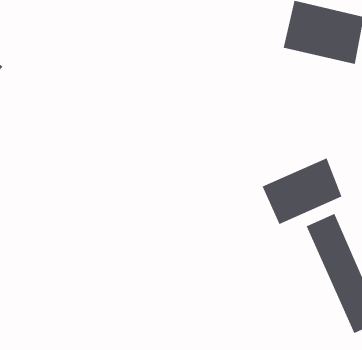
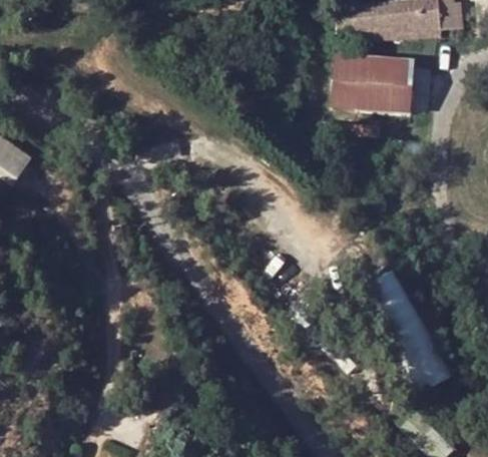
building: [262,157,342,225] -> none

